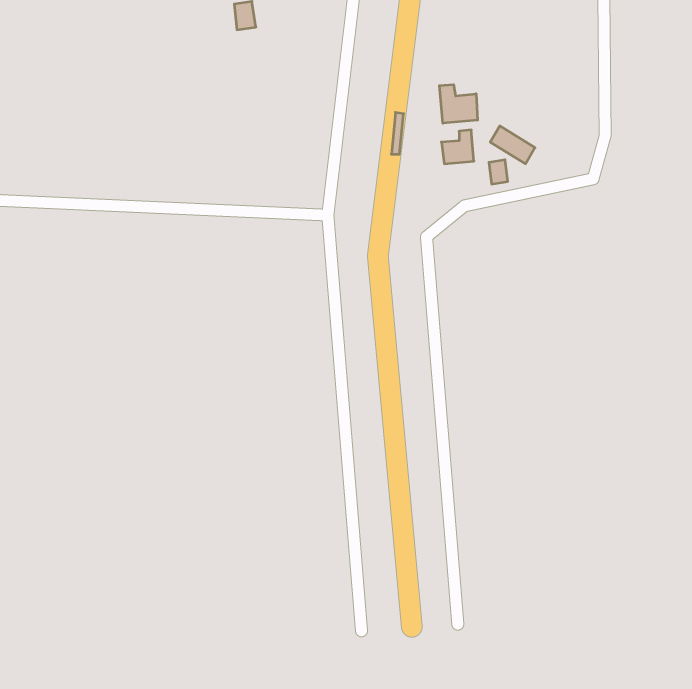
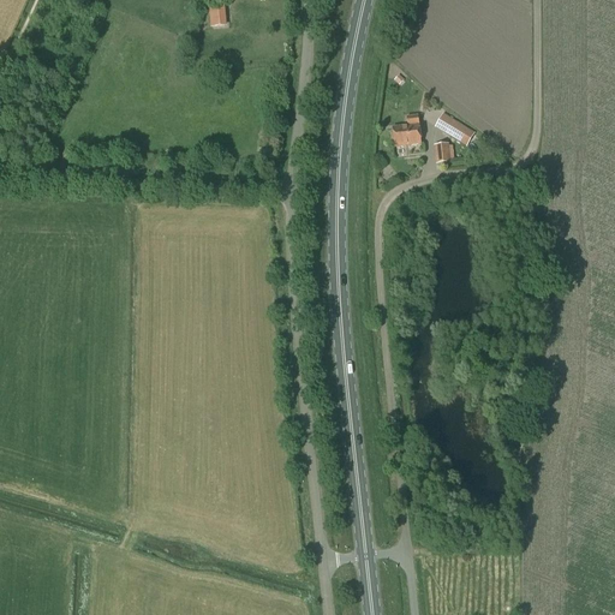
building: [439,85,478,123] -> none

